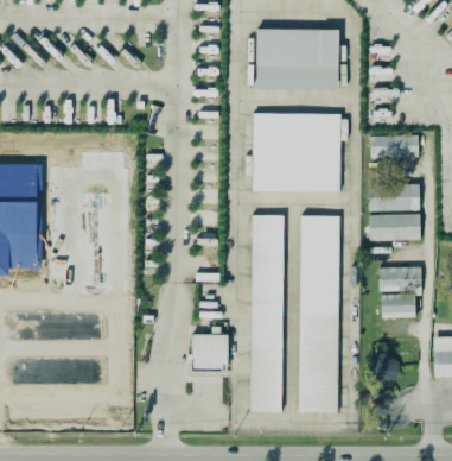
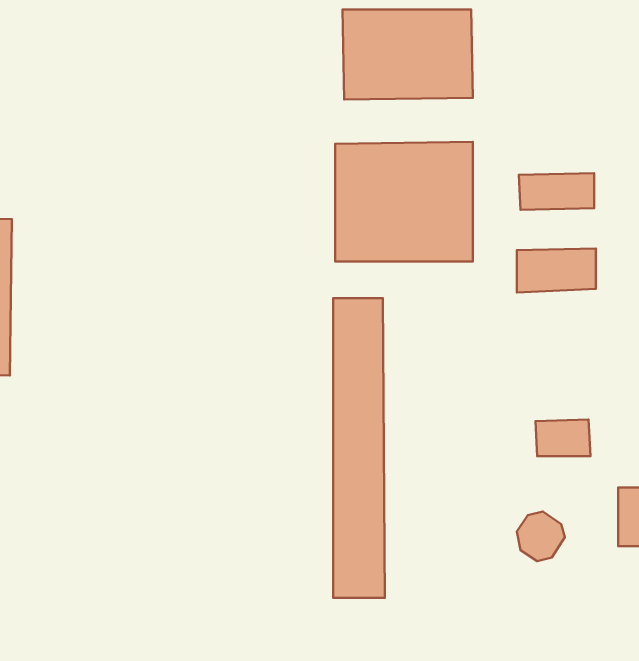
building: [369,214,421,241] -> none
building: [300,215,337,412] -> none
building: [378,266,421,291] -> none
building: [191,334,229,375] -> none

